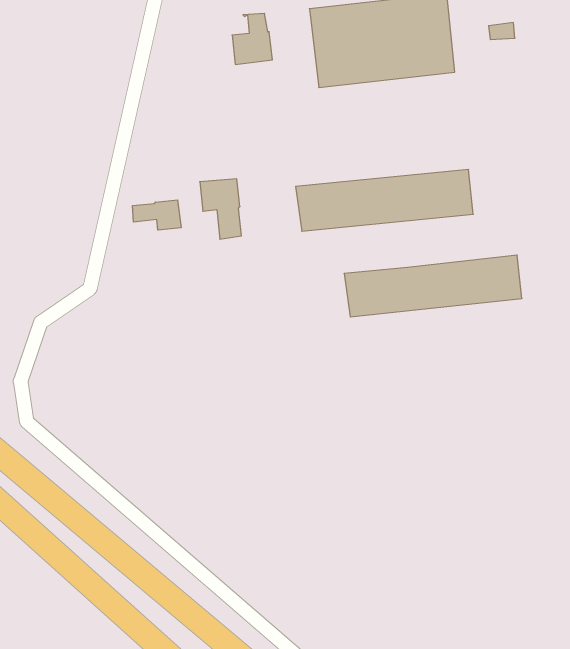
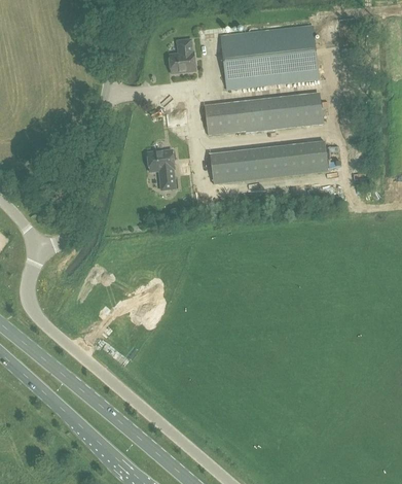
building: [133,200,181,230] -> none
building: [344,255,522,317] -> [204,93,322,134]

